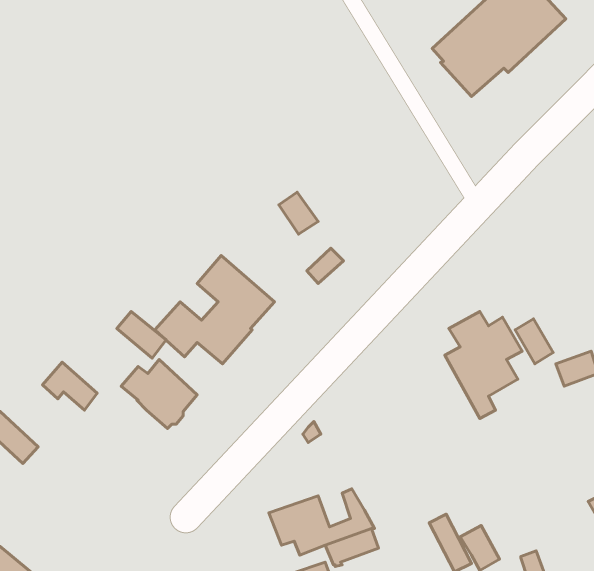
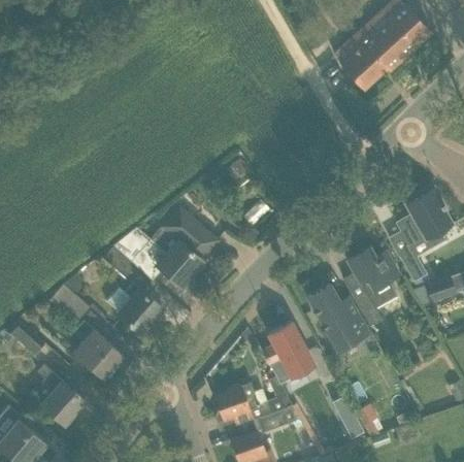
building: none -> [392,191,449,253]
building: none -> [307,286,369,351]
building: none -> [72,321,123,378]
building: none -> [262,323,328,377]
building: none -> [31,365,85,424]

